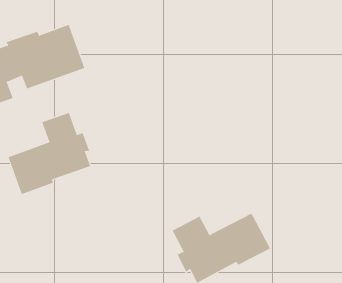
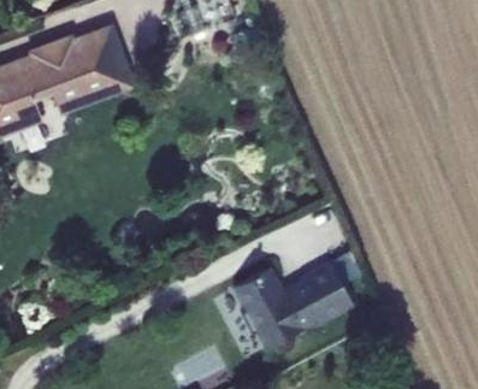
building: [8,112,91,195] -> none

